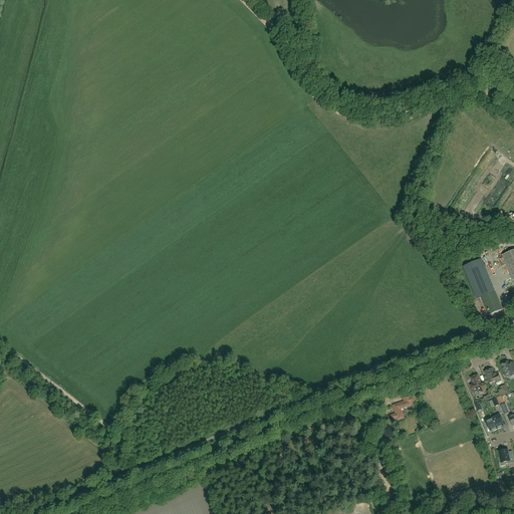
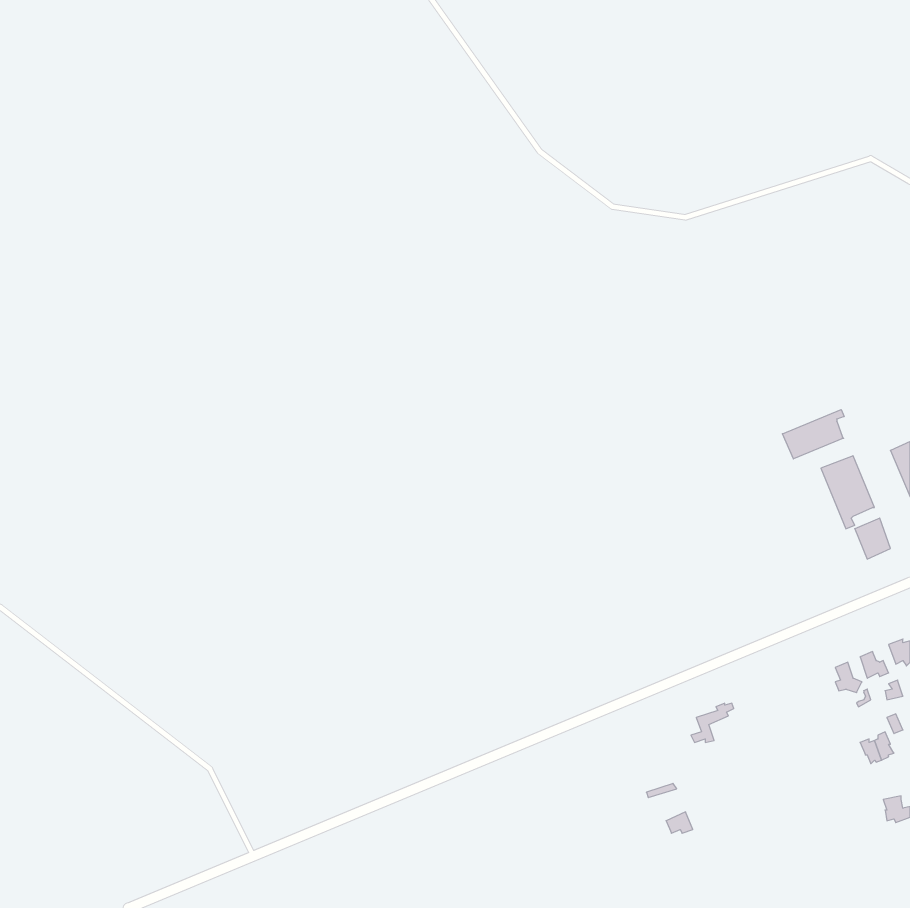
building: none -> [782,410,844,459]

